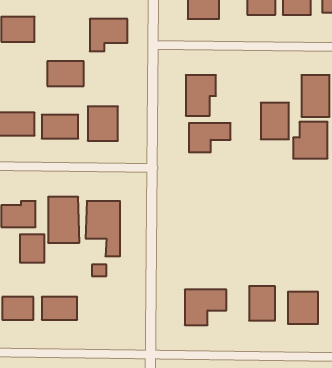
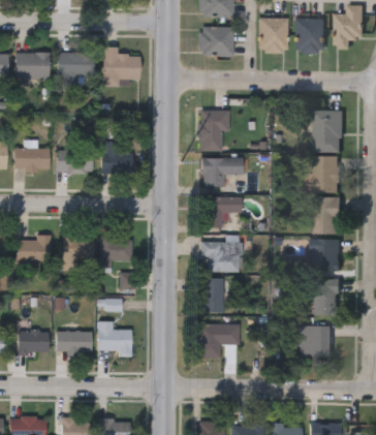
building: [47,61,84,86] -> [57,53,93,77]
building: [261,103,289,139] -> [311,197,339,234]
building: none -> [201,197,241,228]
building: none -> [313,240,339,272]
building: none -> [199,241,242,272]
building: [20,234,44,263] -> none
building: none -> [199,278,223,312]
building: [249,286,275,321] -> [313,280,339,314]
building: none -> [97,320,130,355]

